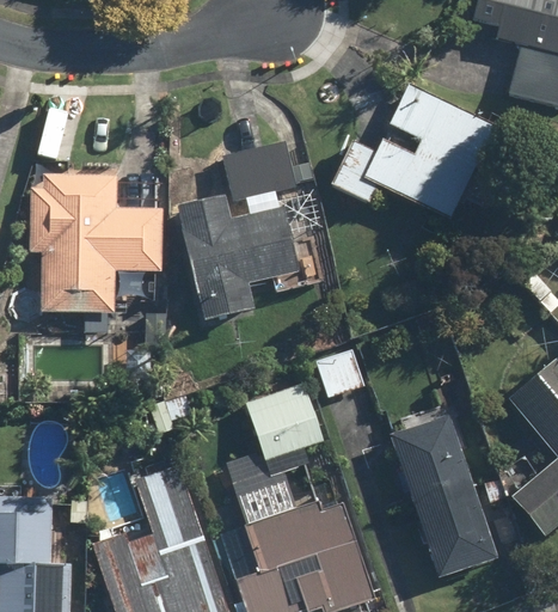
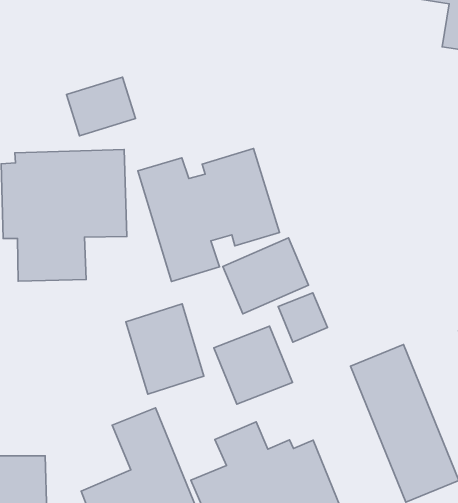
building: [330,84,495,221] -> none
building: [222,141,294,201] -> [67,77,135,136]
building: none -> [223,238,309,314]
building: none -> [126,304,204,394]

